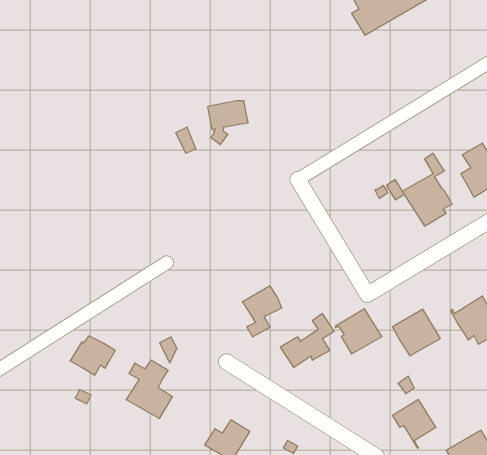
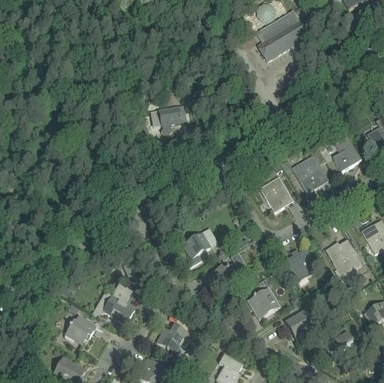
building: none -> [260,176,290,211]
building: [335,309,382,354] -> [247,287,279,318]
building: [70,336,115,375] -> [65,315,96,342]

